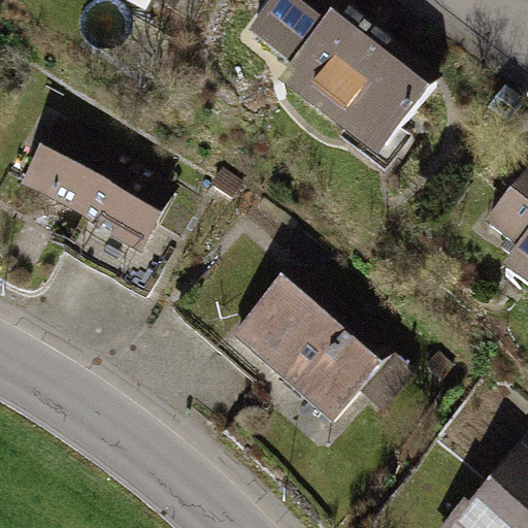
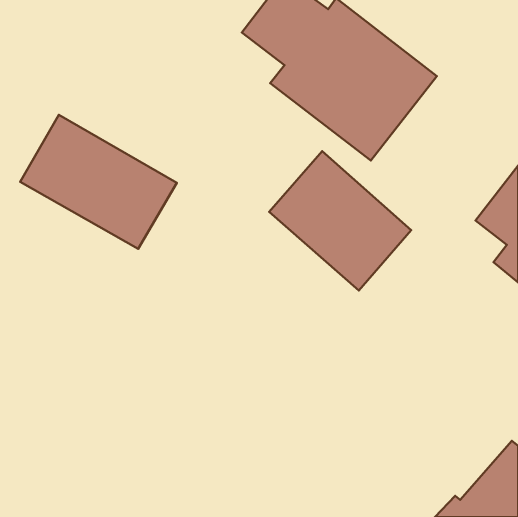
building: none -> [269,151,411,290]
building: [231,265,395,424] -> none

